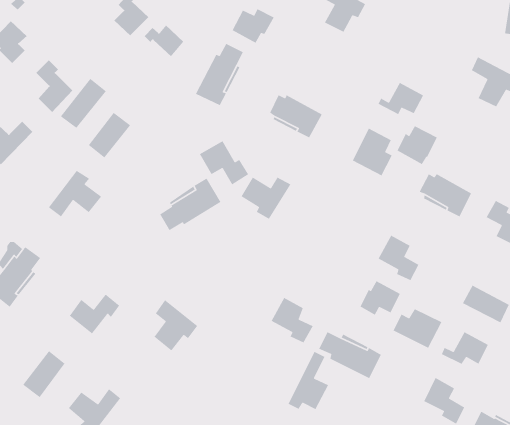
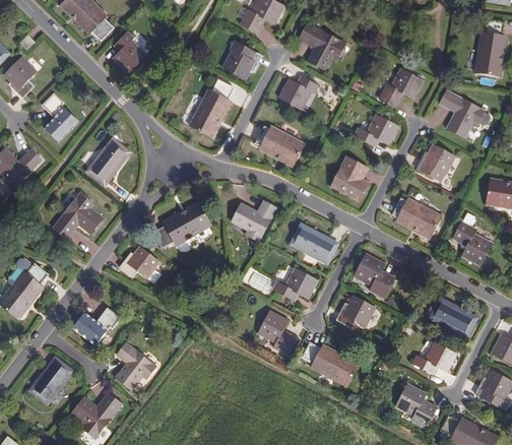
building: [144,25,184,57] -> none
building: none -> [379,68,422,107]
building: none -> [279,77,318,109]
building: [60,78,107,129] -> none
building: [397,125,438,165] -> [417,145,454,182]
building: [199,140,249,186] -> none
building: none -> [293,224,337,261]
building: none -> [120,246,158,277]
building: none -> [273,267,317,299]
building: [154,299,198,351] -> [116,341,156,389]
building: [393,308,443,349] -> none
building: [287,351,329,410] -> none

